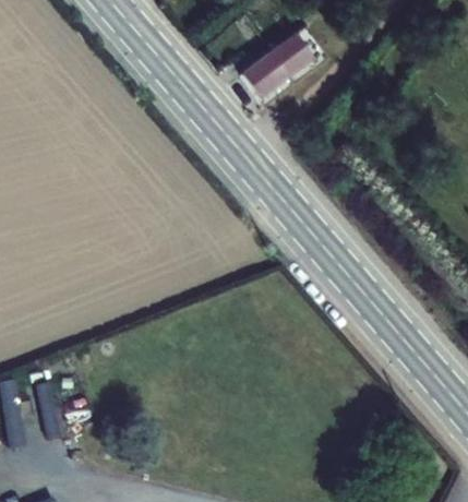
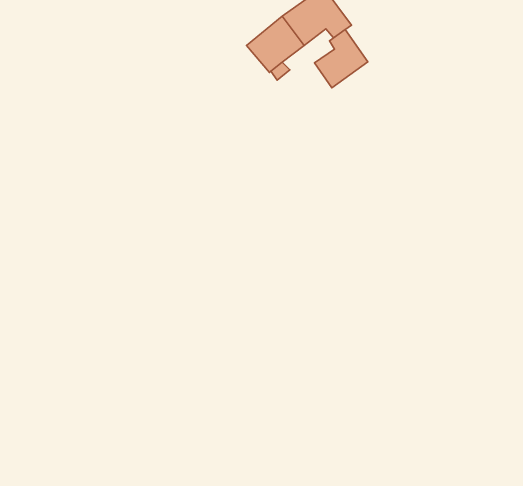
building: none -> [314,29,368,88]

